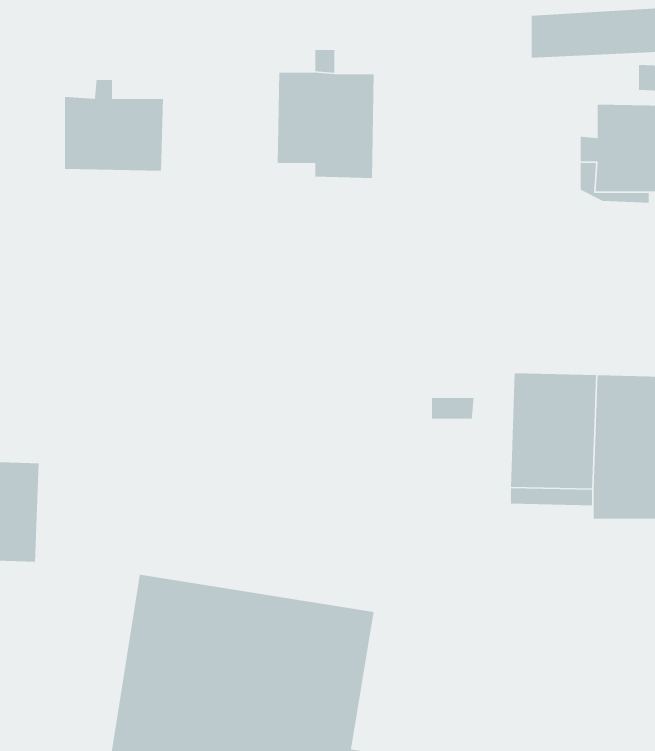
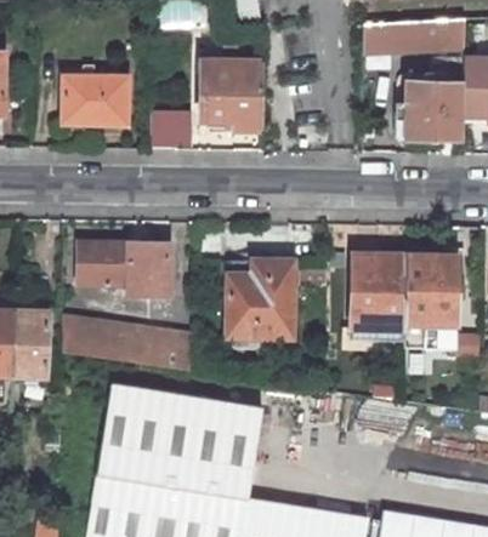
building: none -> [155,109,197,147]
building: none -> [79,241,170,293]
building: none -> [227,252,294,337]
building: none -> [62,315,193,370]

